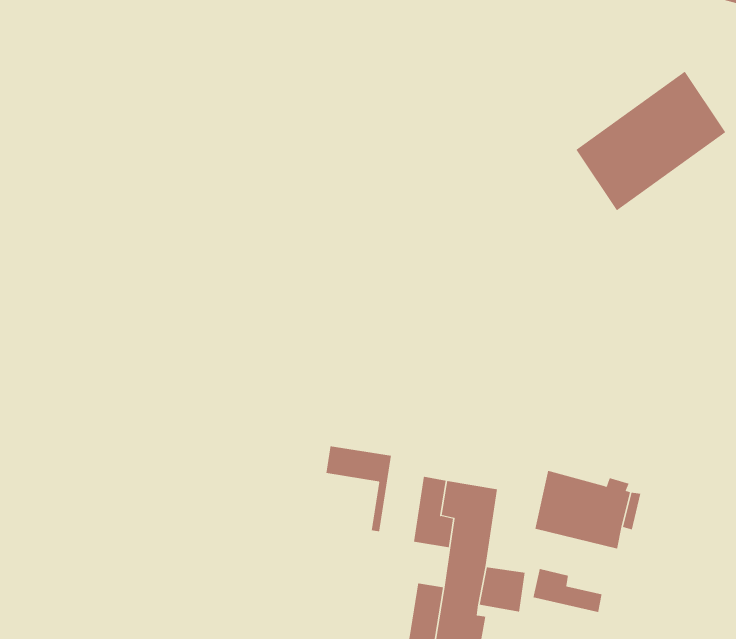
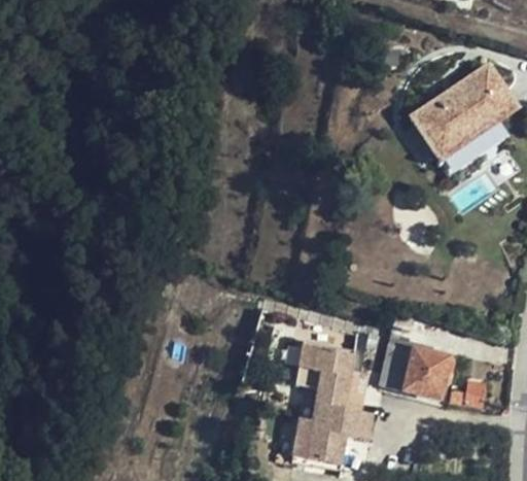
building: [326,445,391,532] -> none
building: [533,568,602,613] -> none

